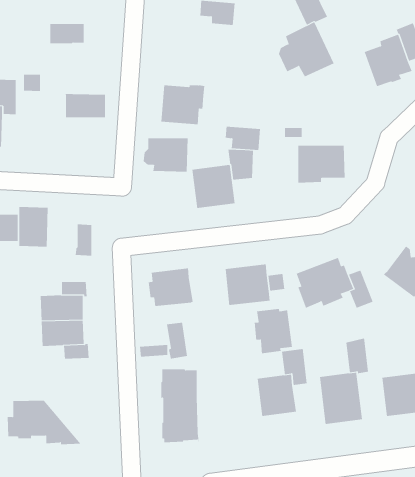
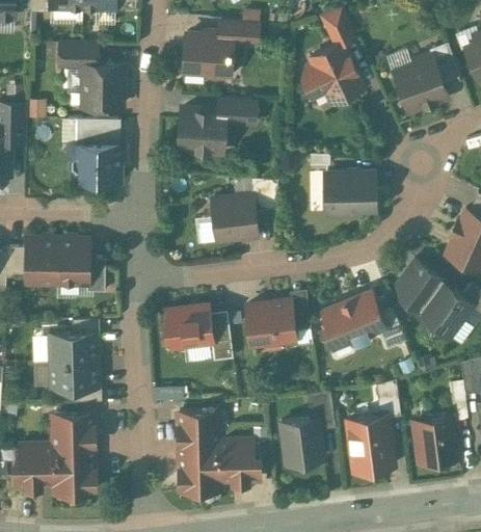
building: none -> [183,34,231,79]
building: none -> [82,65,121,107]
building: [225,126,261,150] -> [217,98,256,124]
building: [143,138,188,172] -> [70,145,118,182]
building: none -> [56,241,88,284]
building: none -> [396,261,440,310]
building: [254,308,292,354] -> none
building: [166,322,188,359] -> [208,314,231,353]
building: none -> [52,416,95,494]
building: none -> [216,443,259,484]

